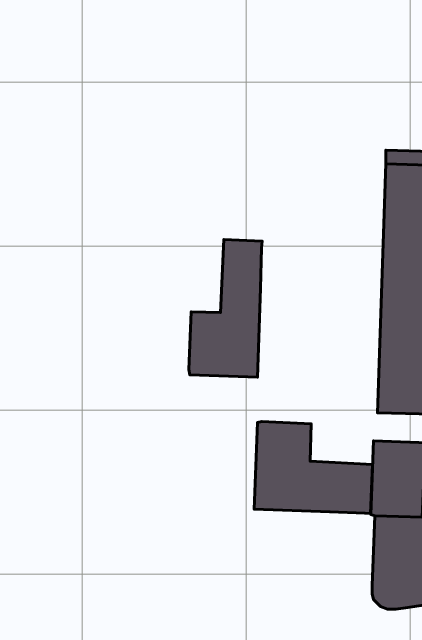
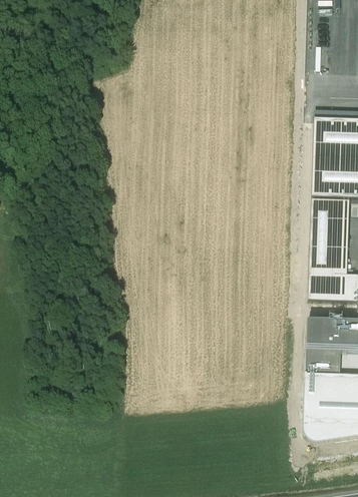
building: [189,240,262,377] -> none
building: [254,421,373,514] -> none

